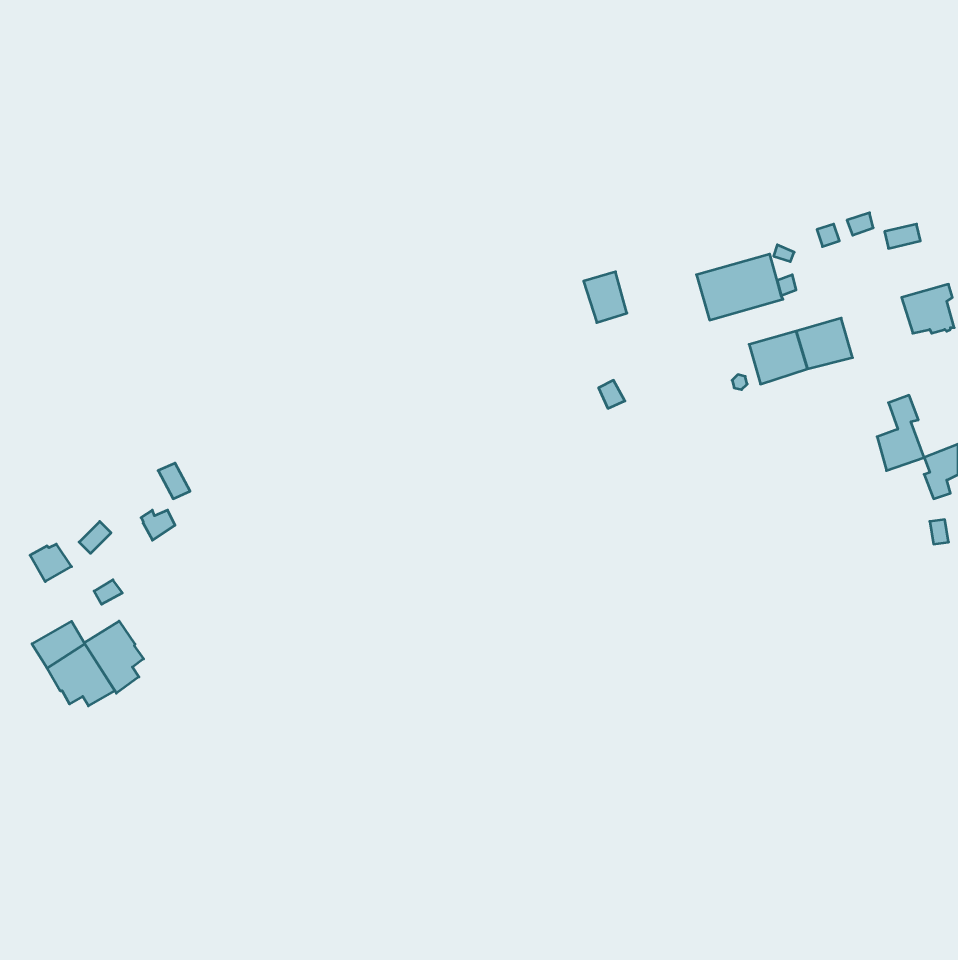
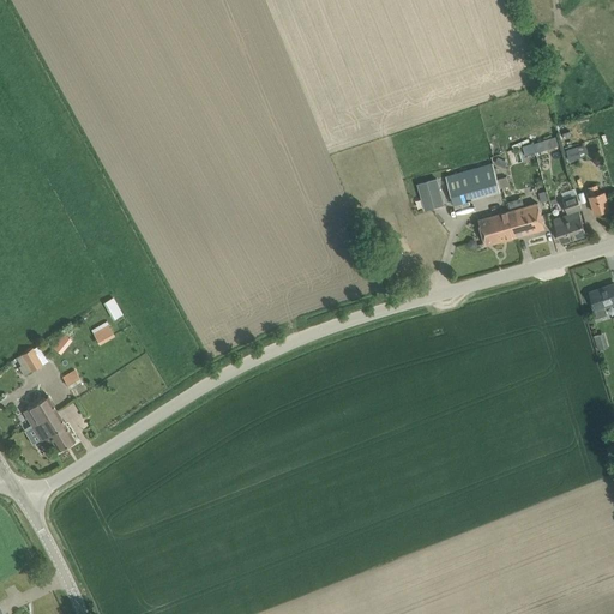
building: [584,272,627,323] -> [415,179,443,211]
building: [877,395,924,471] -> [554,194,584,242]
building: [84,621,144,693] -> none

